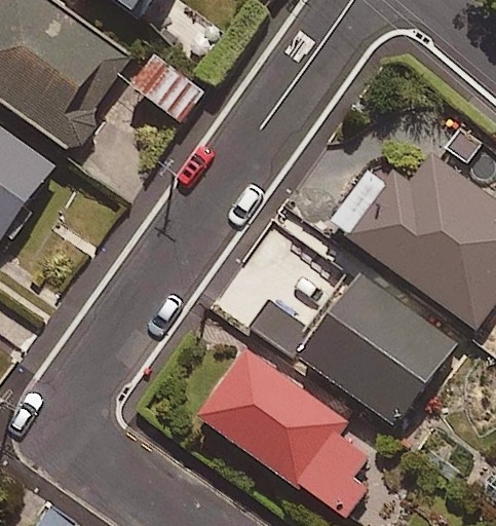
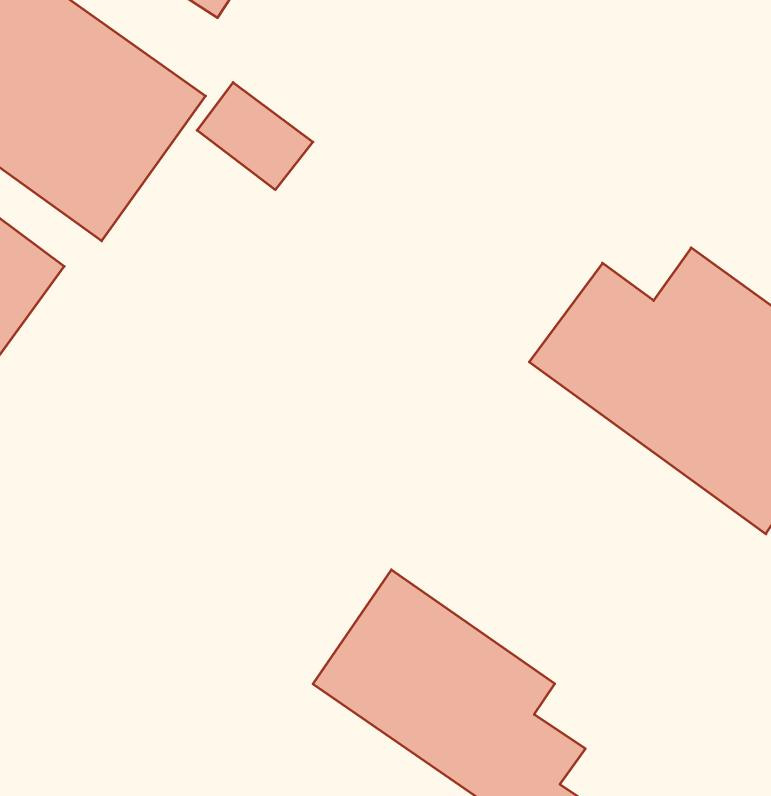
building: [293,268,456,426] -> none

